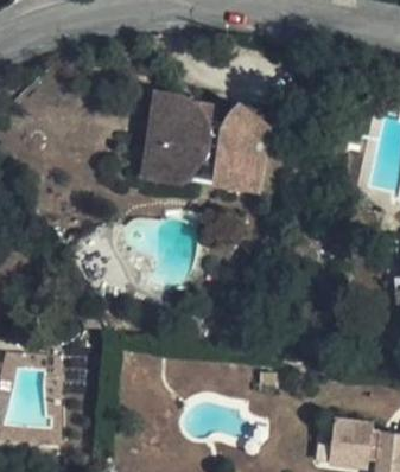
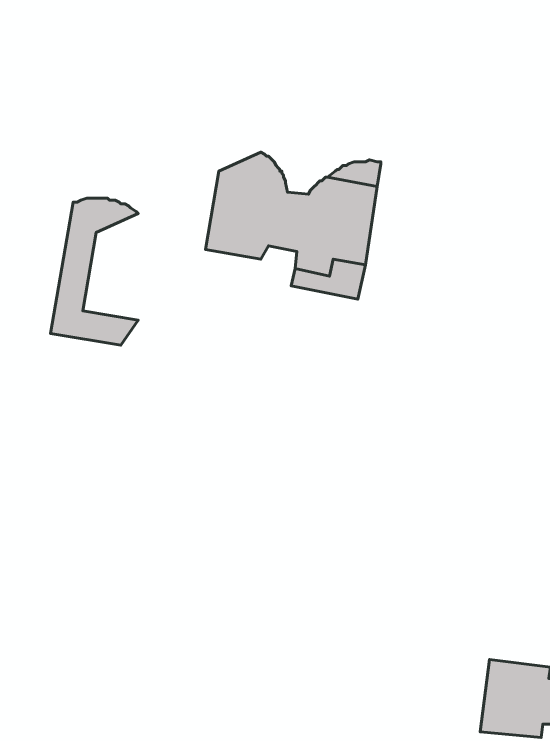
building: [138,93,192,184] -> [50,198,138,345]

